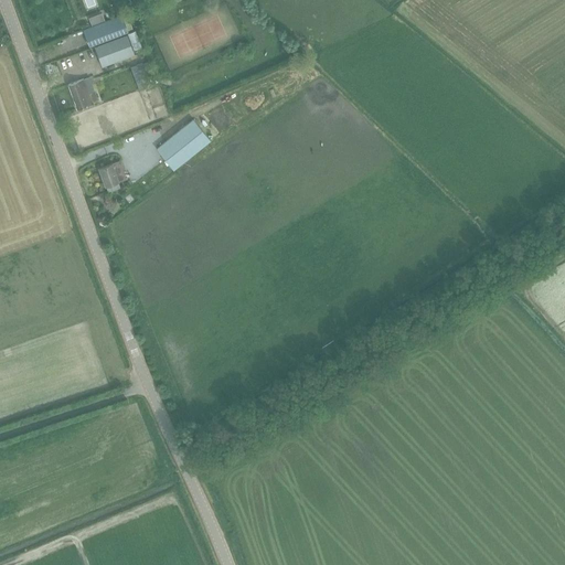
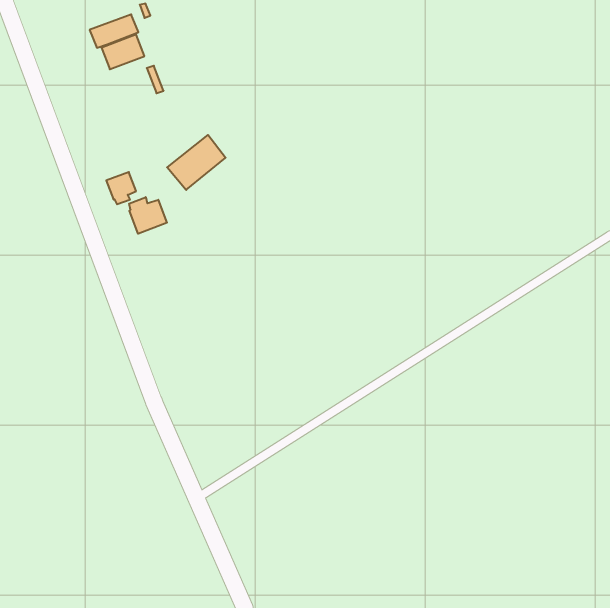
building: [68,77,97,107] -> none
building: none -> [129,197,167,234]

